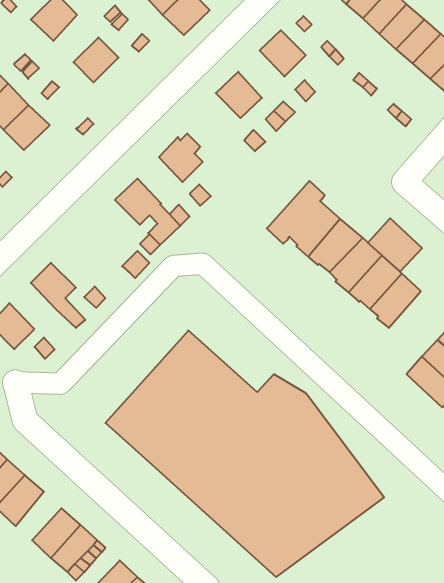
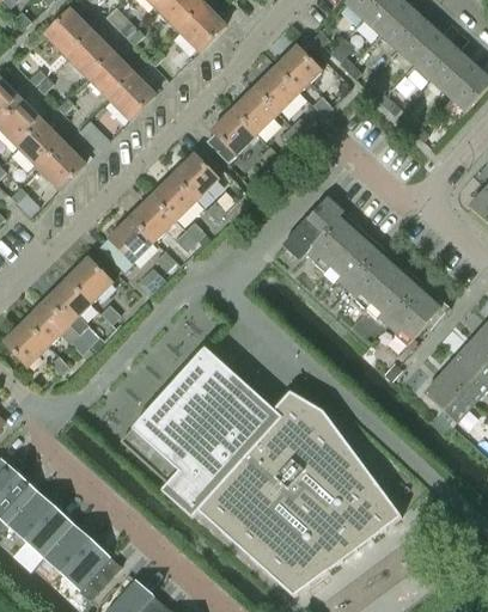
building: none -> [67,29,112,76]
building: none -> [254,65,300,112]
building: none -> [108,72,154,118]
building: none -> [206,108,256,161]
building: none -> [37,140,84,188]
building: none -> [152,172,197,219]
building: none -> [99,215,154,269]
building: [368,218,422,271] -> none
building: none -> [65,257,112,304]
building: none -> [23,299,92,359]
building: none -> [29,509,75,558]

